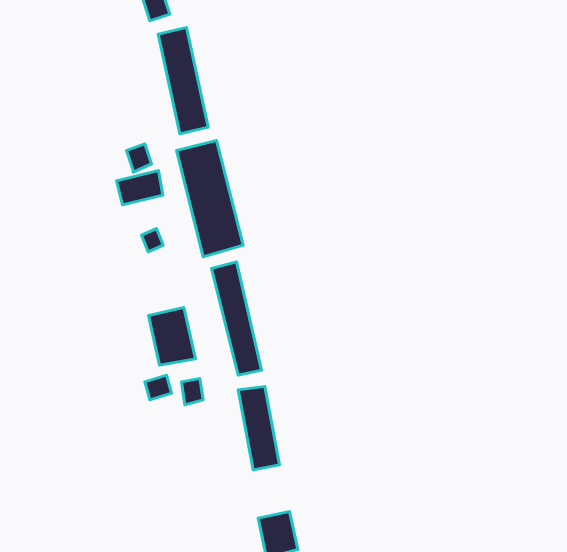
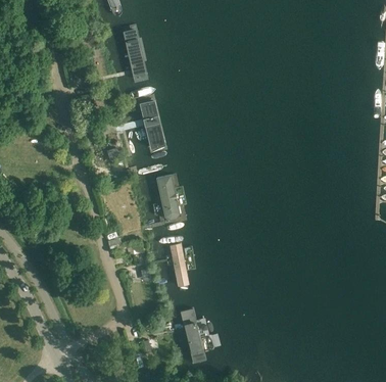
building: [116,170,163,205] -> none
building: [148,307,196,365] -> none

